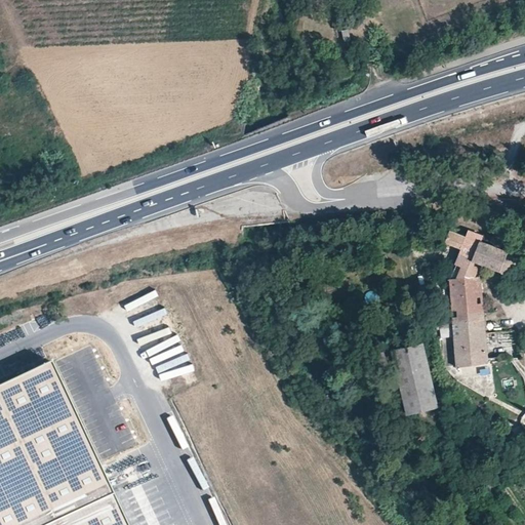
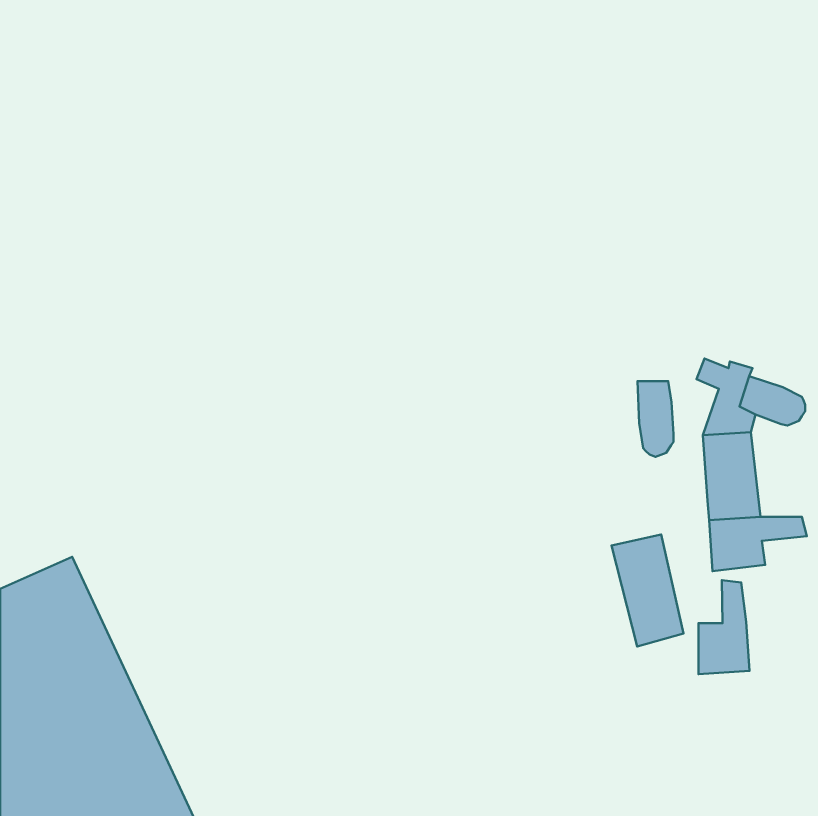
building: none -> [638,381,674,457]
building: none -> [699,580,749,674]

